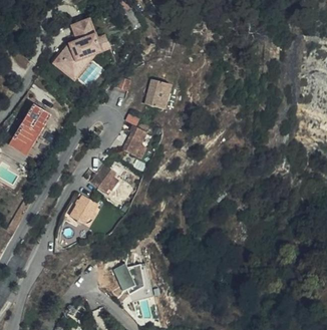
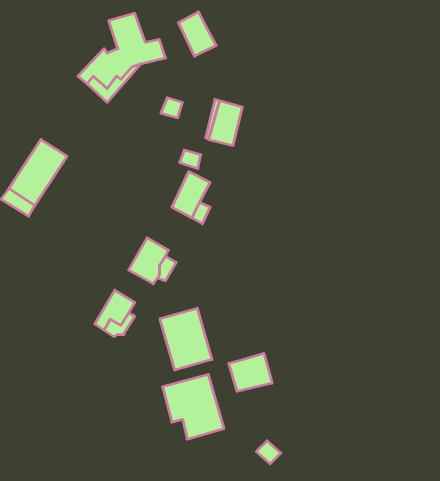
building: none -> [178,12,216,56]
building: none -> [160,308,212,370]
building: none -> [229,353,272,391]

